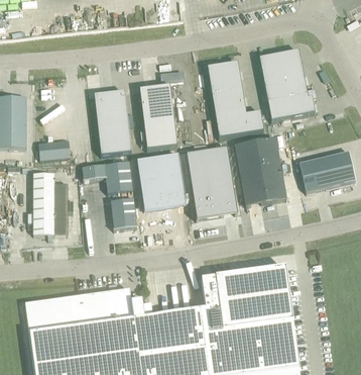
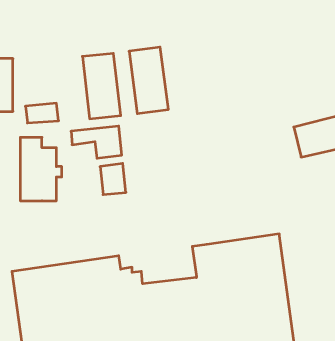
building: [259,49,316,120] -> none
building: [207,60,263,136] -> none
building: [235,136,286,204] -> none
building: [187,146,237,218] -> none
building: [137,153,186,208] -> none

